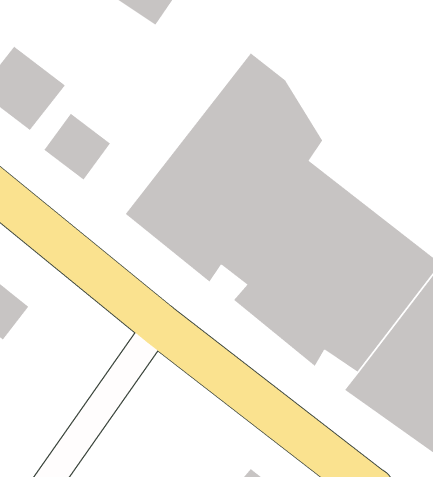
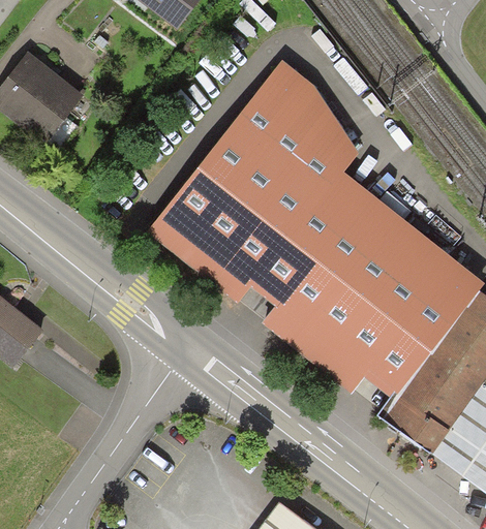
building: [44,113,111,180] -> none

